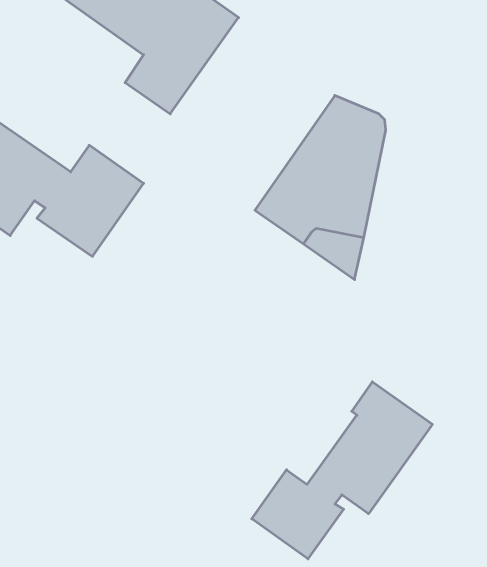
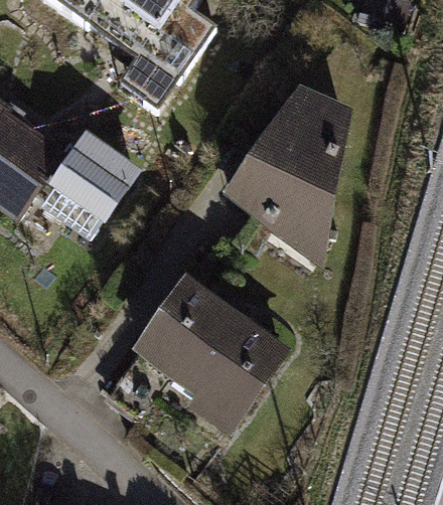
building: none -> [109,283,282,423]
building: [252,382,432,559] -> none

